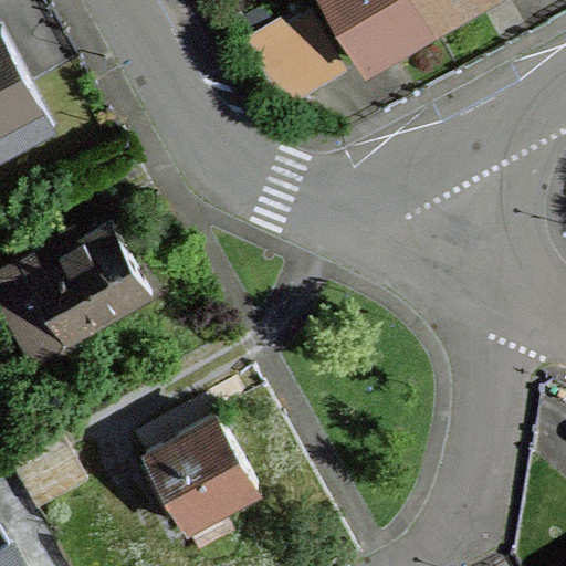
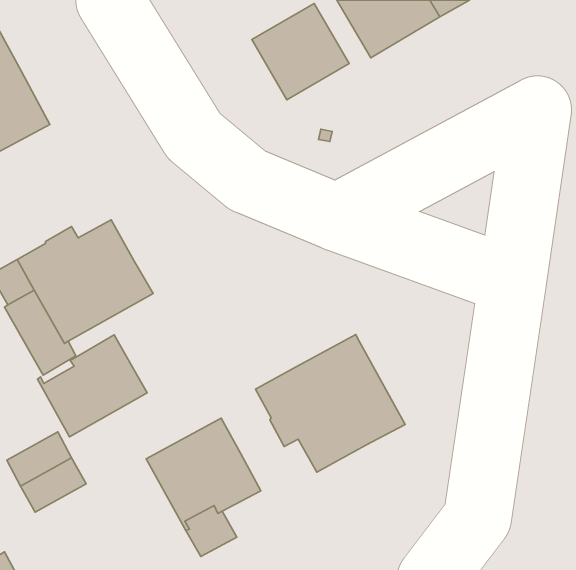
building: none -> [255,335,405,472]
building: none -> [37,335,147,437]

